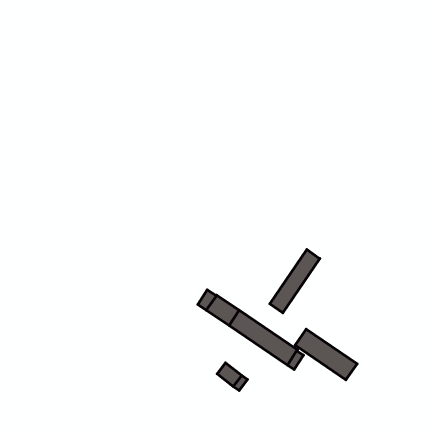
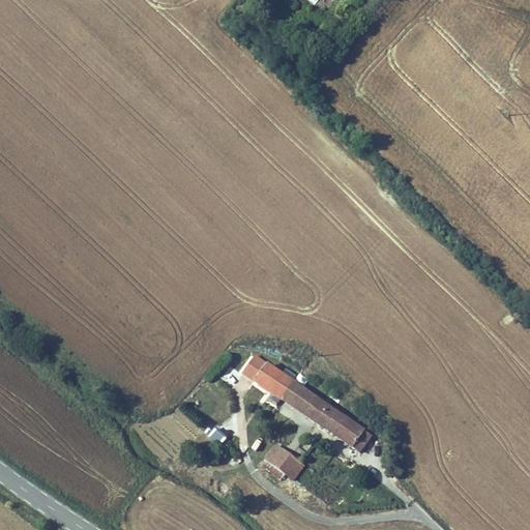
building: [270,249,320,313] -> none
building: [295,329,357,380] -> none

